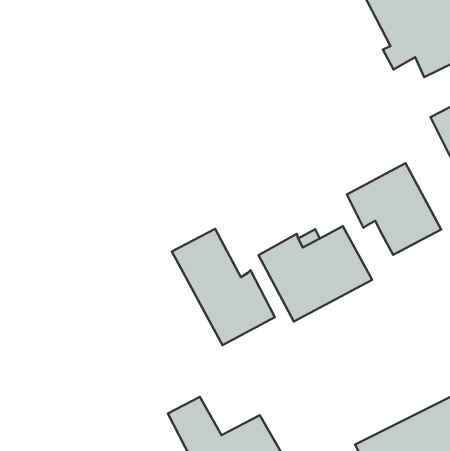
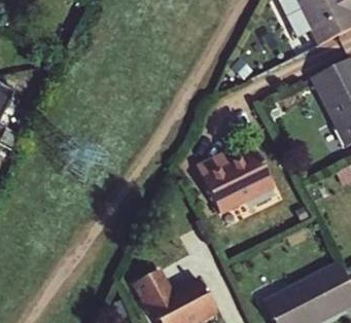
building: [347,163,441,255] -> none
building: [172,229,275,345] -> none

